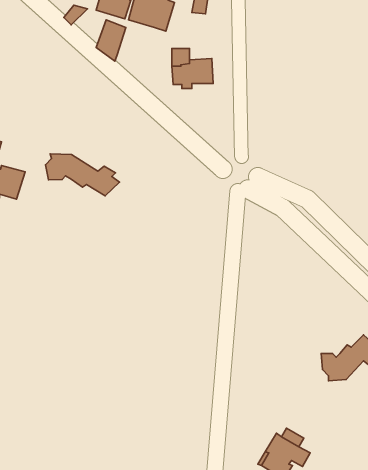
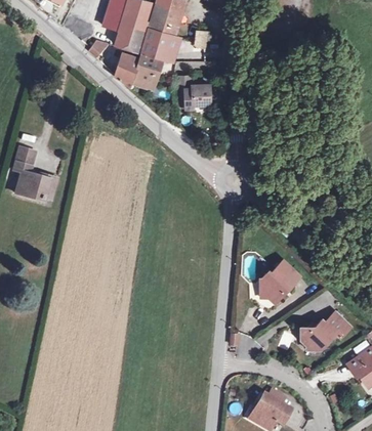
building: none -> [132,53,163,88]
building: [46,154,120,196] -> none
building: none -> [260,260,300,303]

